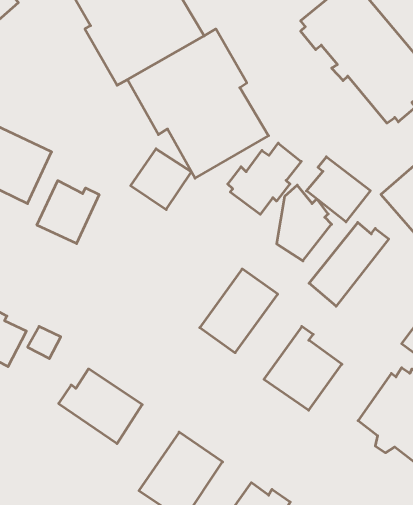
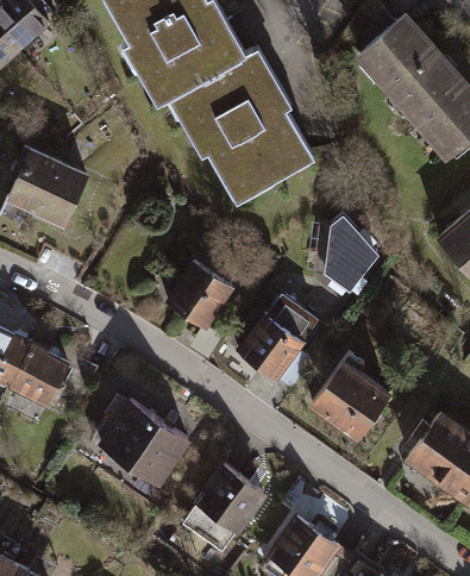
building: [228,143,301,214] -> none
building: [131,149,191,210] -> [167,261,230,324]
building: [306,157,370,222] -> none
building: [37,181,99,244] -> none
building: [309,222,389,306] -> none

